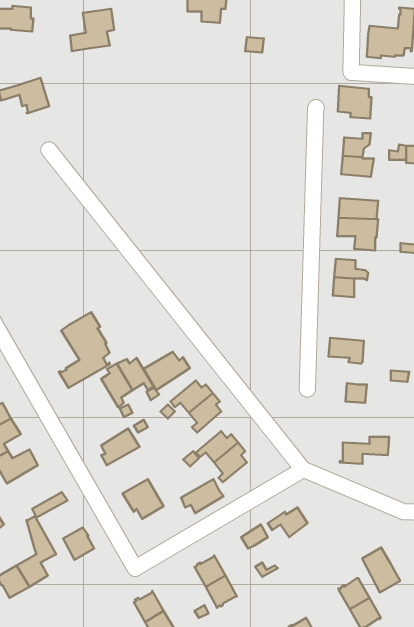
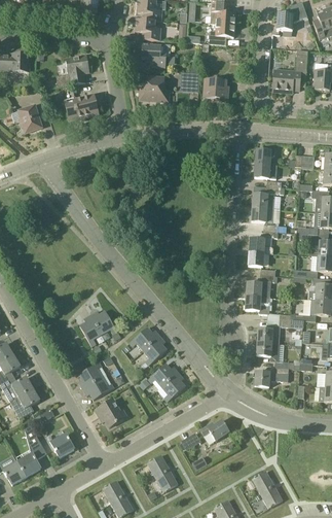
building: none -> [142,73,170,100]
building: none -> [65,96,97,118]
building: [338,86,372,118] -> [204,77,228,101]
building: none -> [246,273,275,297]
building: [59,312,110,388] -> none
building: [143,352,190,390] -> none
building: none -> [256,341,289,367]
building: none -> [10,387,40,417]
building: [181,479,223,513] -> [83,374,114,399]
building: [362,547,400,593] -> none

